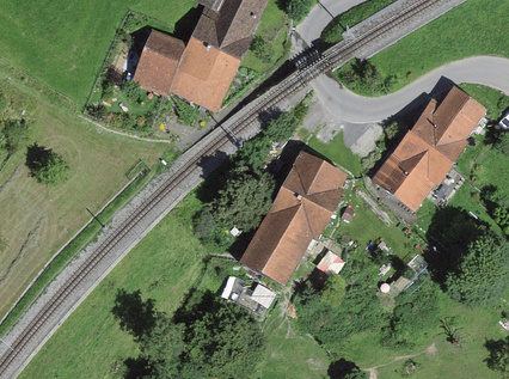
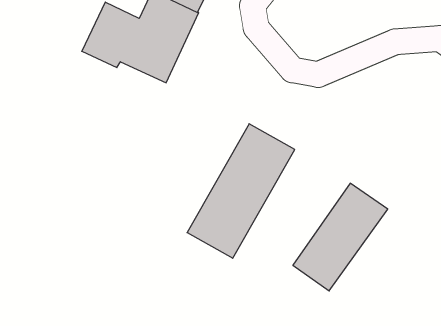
building: [382,91,479,201] -> [293,183,388,291]

